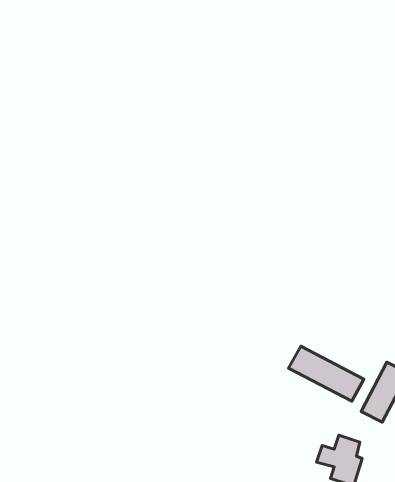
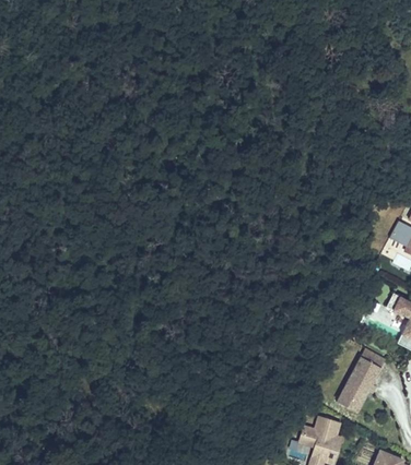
building: [288,346,364,401] -> none

